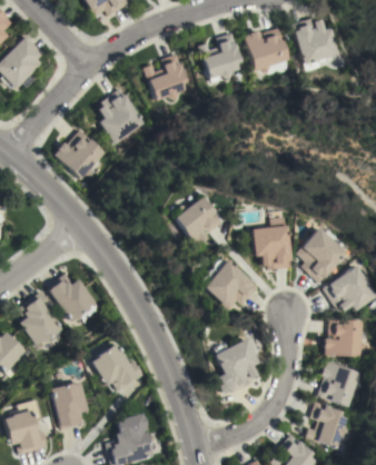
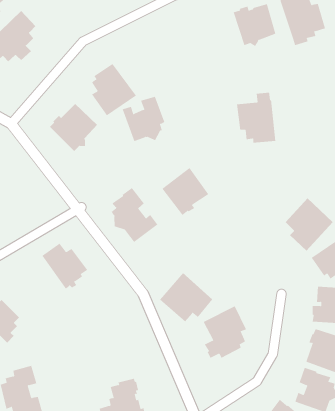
building: [200,33,241,82] -> none
building: [144,55,188,101] -> [122,96,165,142]
building: none -> [111,187,158,243]
building: [251,217,293,269] -> [236,92,276,143]
building: [201,259,257,310] -> [159,272,213,322]
building: [19,291,62,346] -> none
building: [91,343,144,392] -> none
building: [50,383,88,429] -> none

